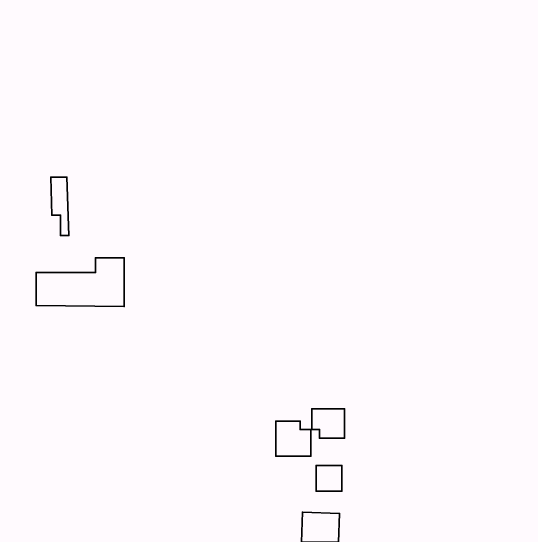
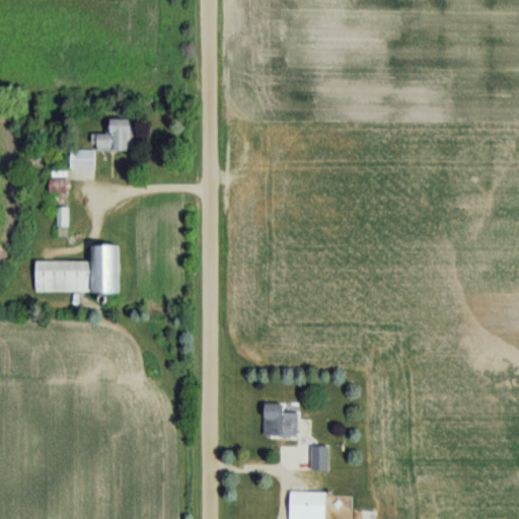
building: none -> [96,119,132,151]
building: none -> [68,149,92,168]
building: [312,409,344,438] -> none

